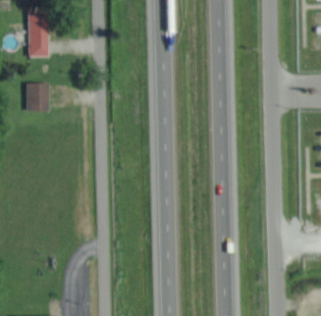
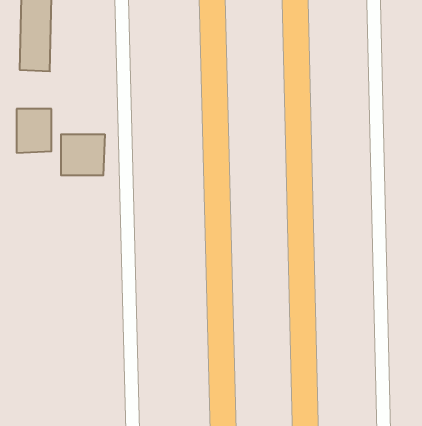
building: none -> [61,134,105,175]

